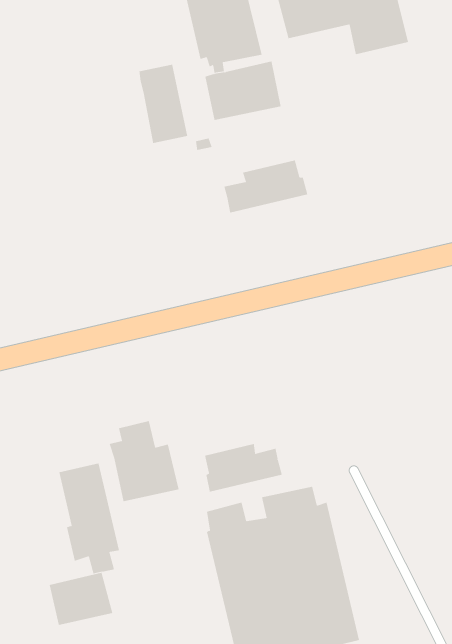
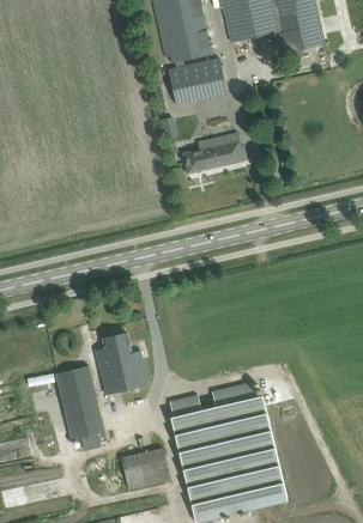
building: [139,64,188,144] -> none
building: [205,443,282,493] -> none
building: [49,572,113,626] -> [122,448,171,488]

